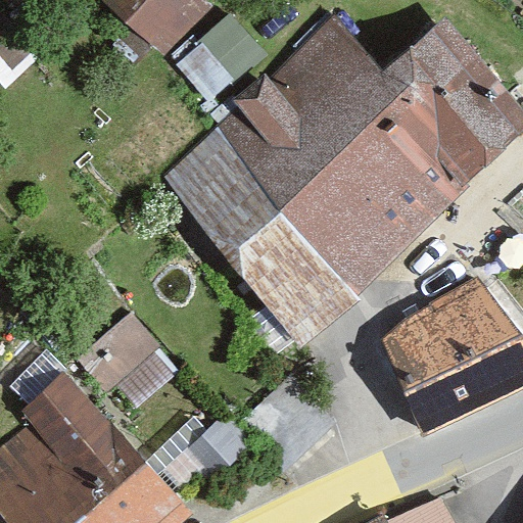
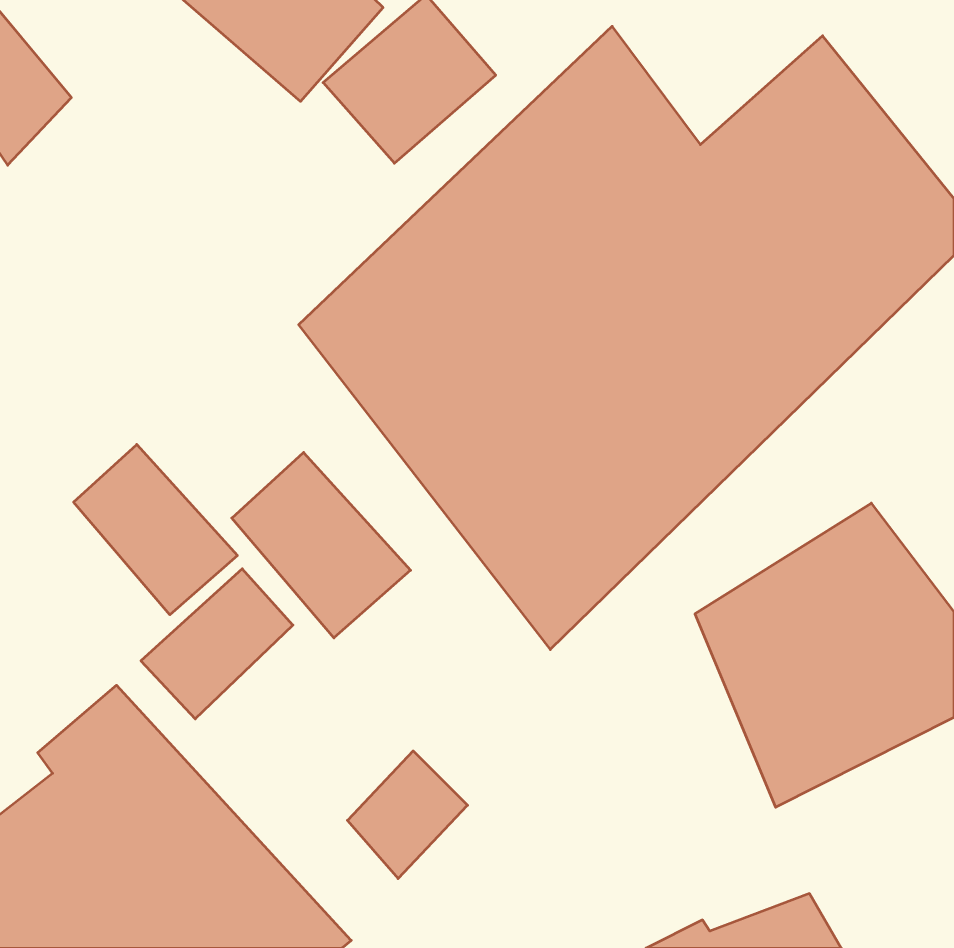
building: none -> [74,444,237,615]
building: none -> [232,452,411,638]

